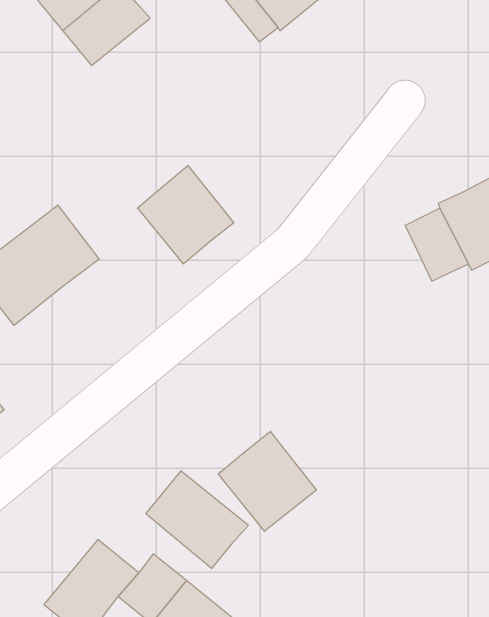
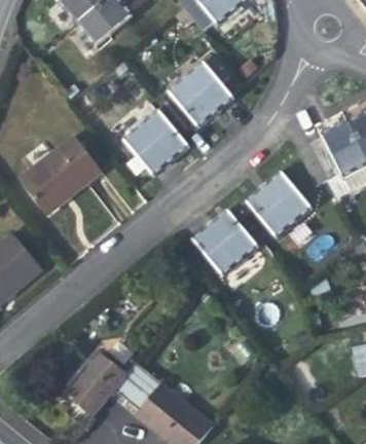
building: none -> [169,60,233,125]
building: none -> [248,172,313,237]
building: [218,431,316,531] -> [194,209,258,273]
building: [146,471,248,569] -> none

